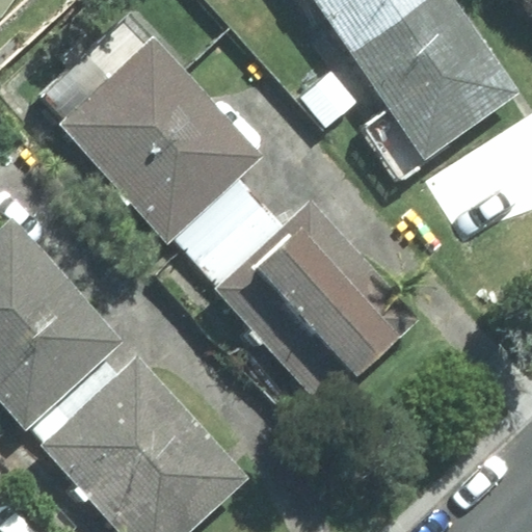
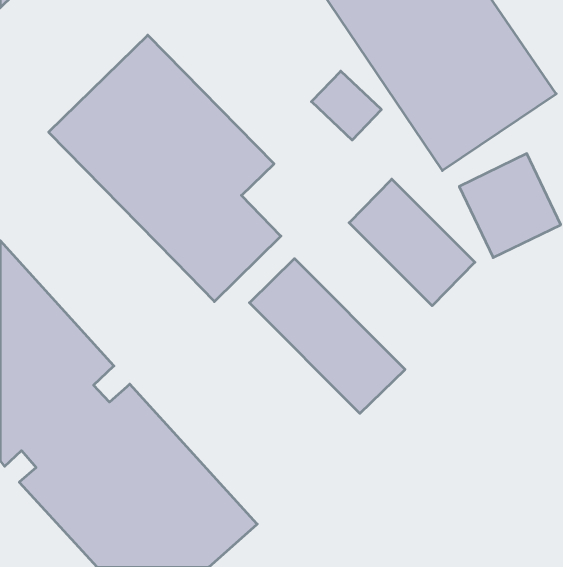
building: none -> [349,179,475,306]

